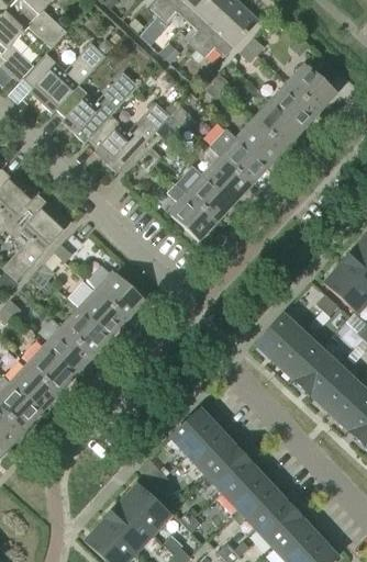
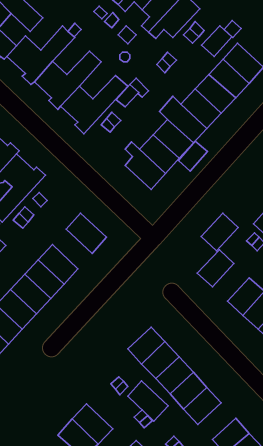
building: none -> [201,26,232,56]
building: none -> [178,141,208,171]
building: [78,290,126,338] -> none
building: [274,331,319,378] -> [201,213,238,251]
building: [120,484,169,533] -> [128,381,168,421]
building: [256,502,302,547] -> none

